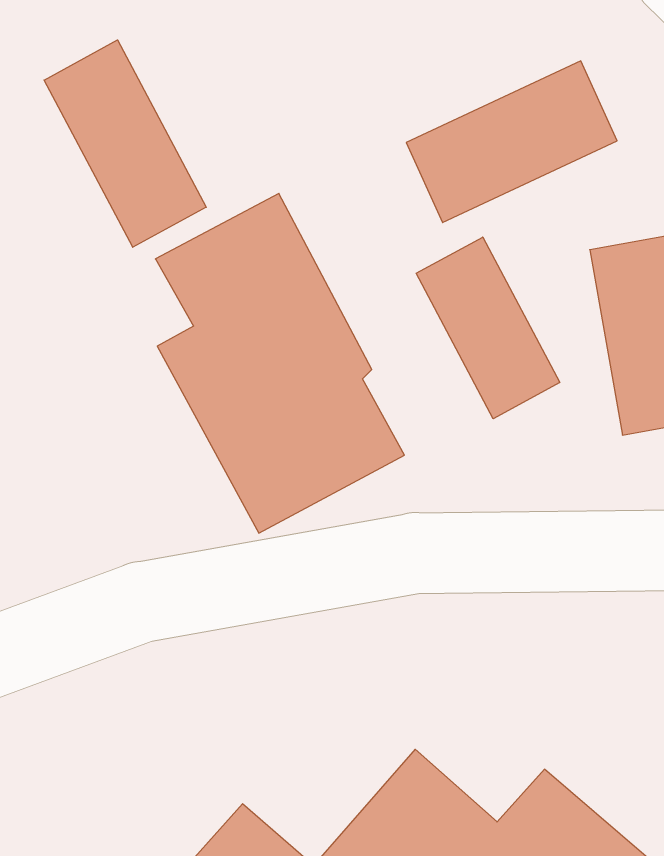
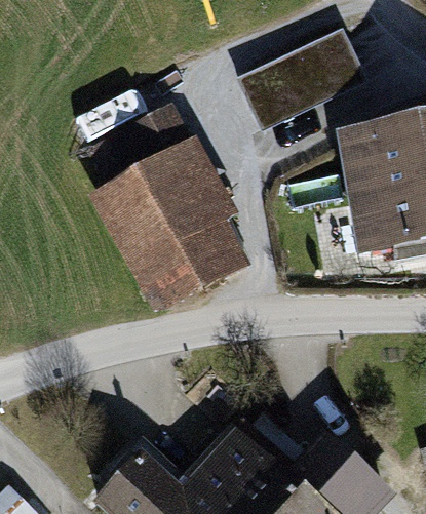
building: [44,40,206,247] -> none
building: [416,237,560,419] -> none

